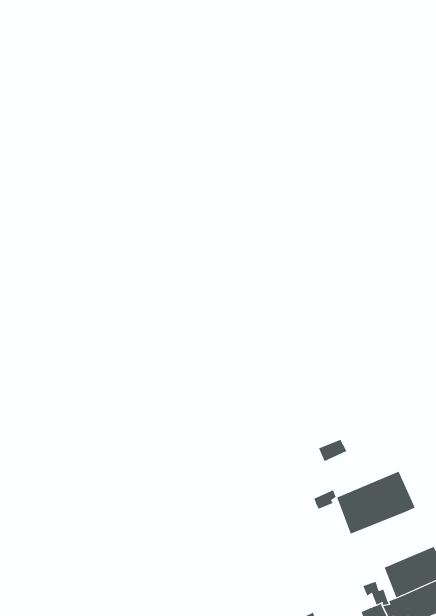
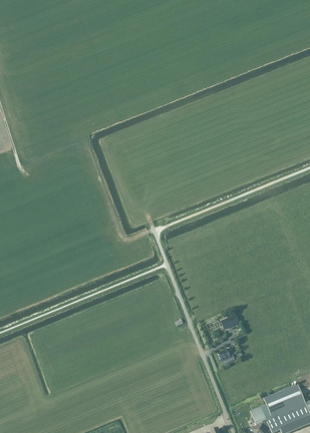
building: [336,471,415,534] -> none

